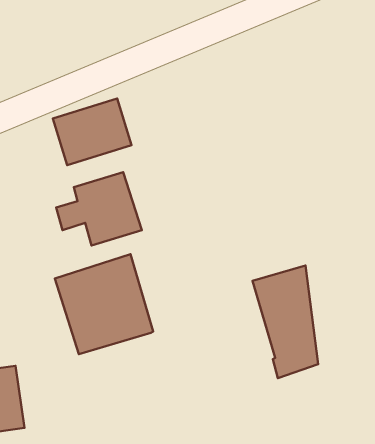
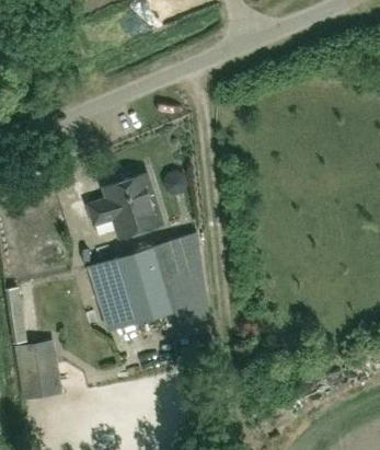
building: [53,99,132,165] -> none
building: [252,265,318,378] -> [152,231,209,328]

